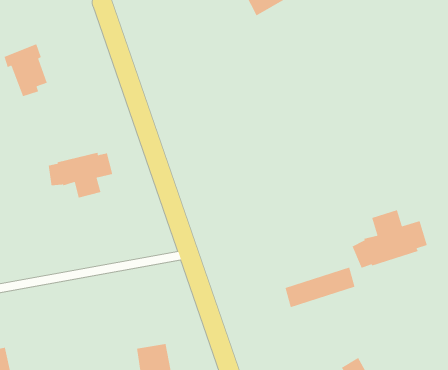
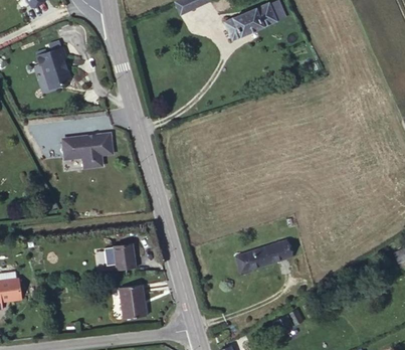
building: [351,209,428,269] -> none
building: none -> [108,245,128,270]

